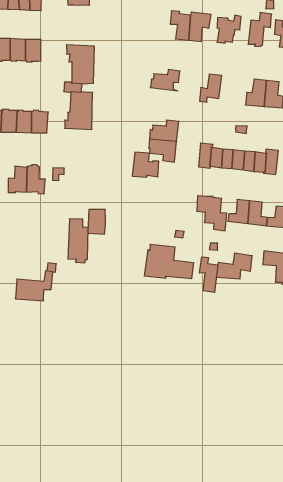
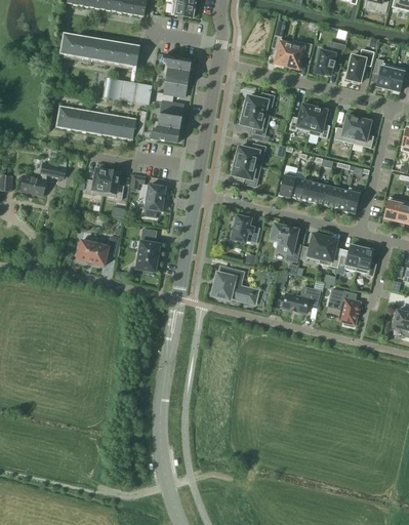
building: none -> [104,67,151,104]
building: none -> [309,107,330,138]
building: none -> [240,109,269,140]
building: [132,152,159,177] -> [231,215,259,243]
building: [88,209,106,234] -> [145,185,165,211]
building: [199,257,218,292] -> none
building: [15,271,53,301] -> [77,236,118,266]

